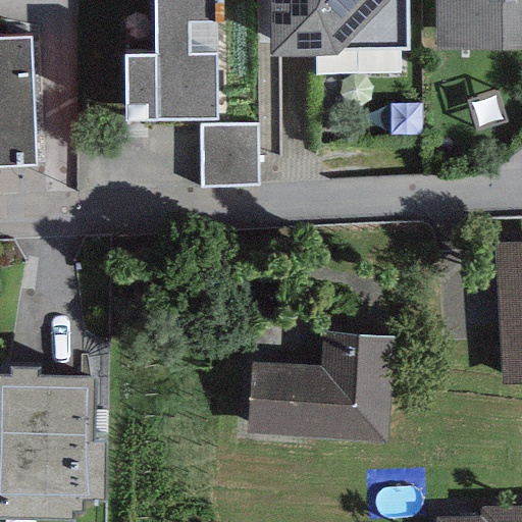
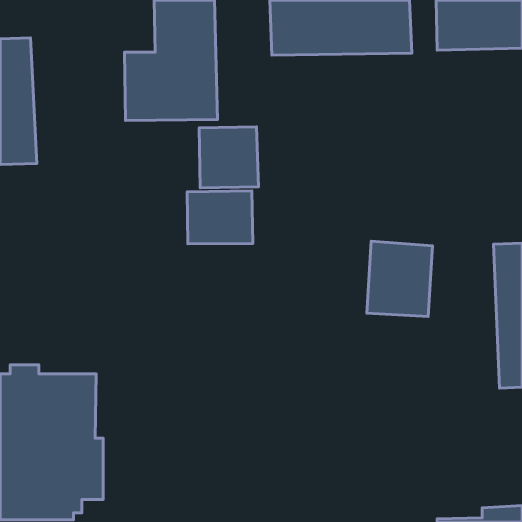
building: none -> [187,191,253,244]
building: none -> [367,241,432,317]
building: [248,330,395,441] -> none

